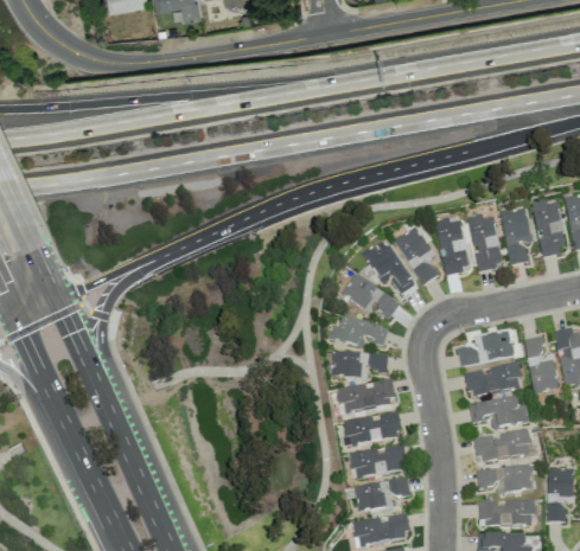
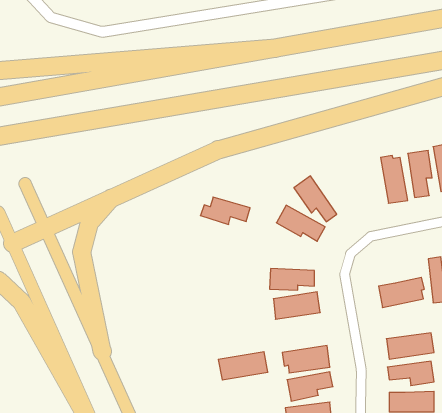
building: [436,216,467,273] -> none
building: [394,226,438,284] -> none
building: [329,315,389,348] -> [200,197,250,224]
building: [459,332,514,364] -> none
building: [469,396,530,429] -> none
building: [342,411,402,446] -> [218,352,268,380]

